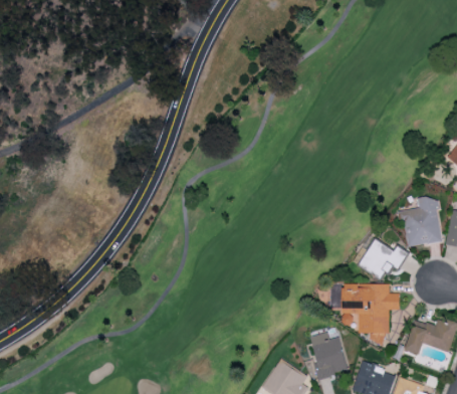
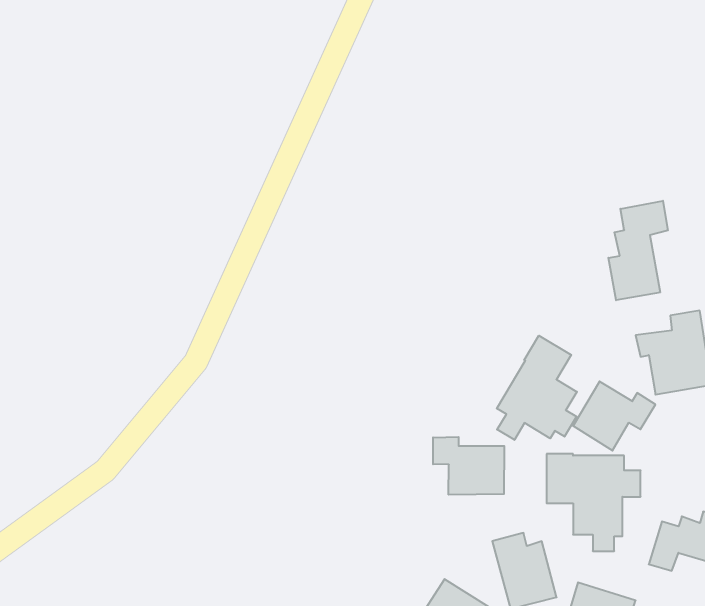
building: none -> [608,201,668,300]
building: none -> [497,336,577,440]
building: none -> [433,437,504,495]

